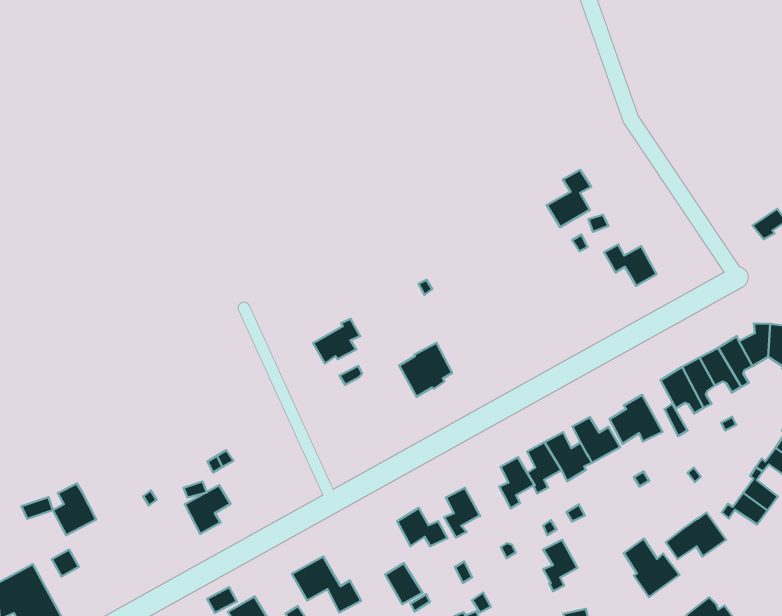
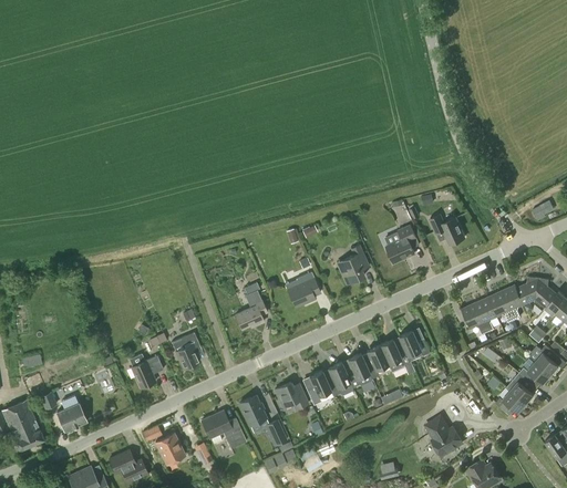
building: [547,170,591,227] -> [385,225,416,262]
building: none -> [337,245,364,283]
building: [313,319,360,364] -> [235,300,267,329]
building: [610,395,663,444] -> none
building: none -> [172,332,200,368]
building: [53,484,96,535] -> [56,395,85,429]
building: [666,512,726,559] -> none
building: none -> [239,395,266,425]
building: [543,540,577,591] -> [327,362,350,396]

